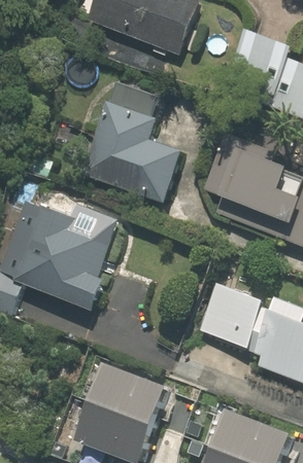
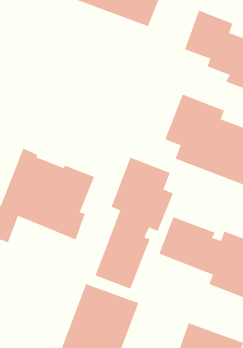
building: [77,79,178,201] -> none
building: none -> [95,157,173,290]

